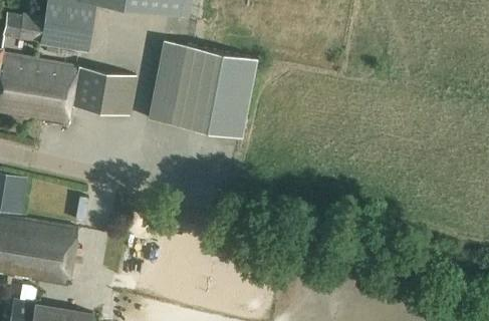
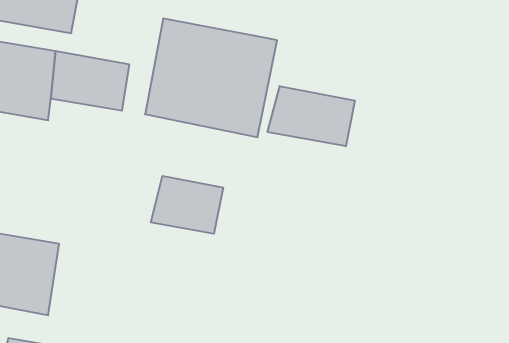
building: none -> [268,86,355,146]
building: none -> [151,176,223,234]

